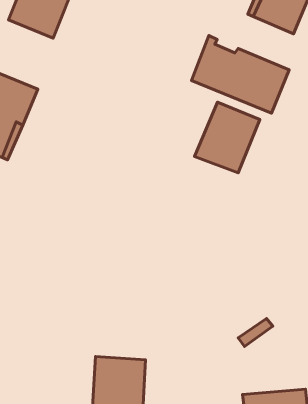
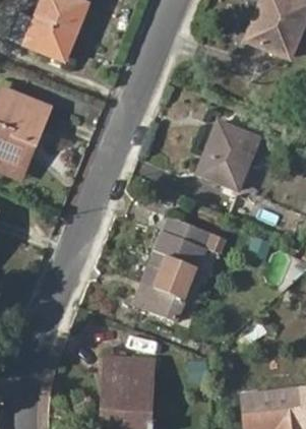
building: [192,36,289,113] -> none
building: none -> [132,217,228,323]

